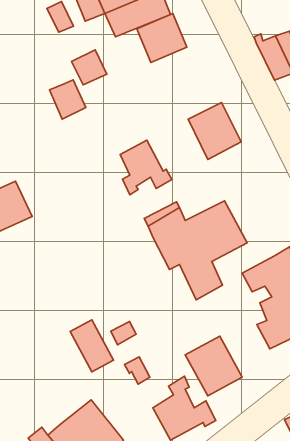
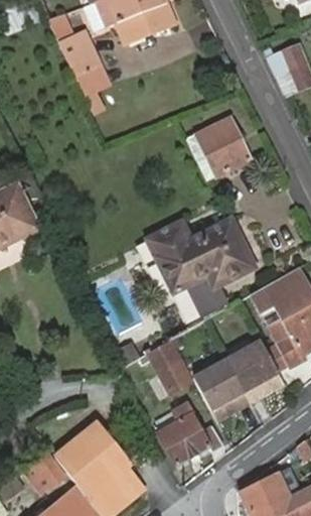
building: [137,13,187,63] -> none
building: [50,80,86,119] -> [62,34,100,75]
building: [120,140,172,195] -> none
building: none -> [227,338,285,399]
building: [70,320,113,372] -> [148,339,192,392]

